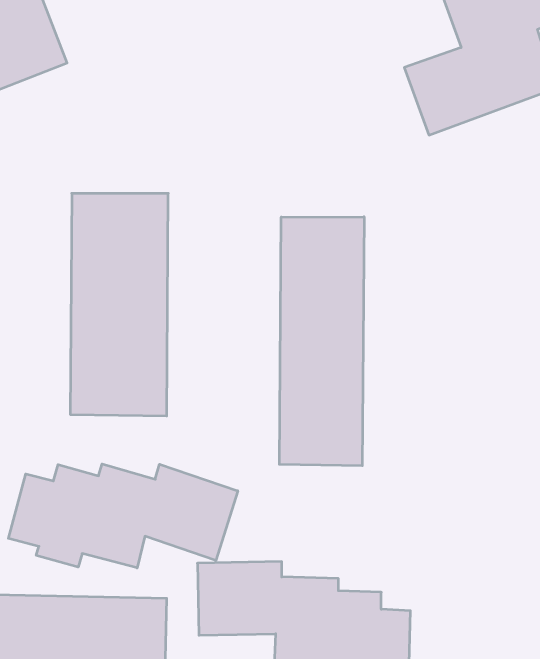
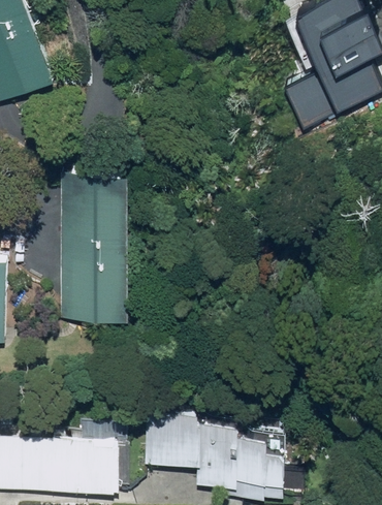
building: [279,217,364,466] -> none
building: [8,464,238,568] -> none

